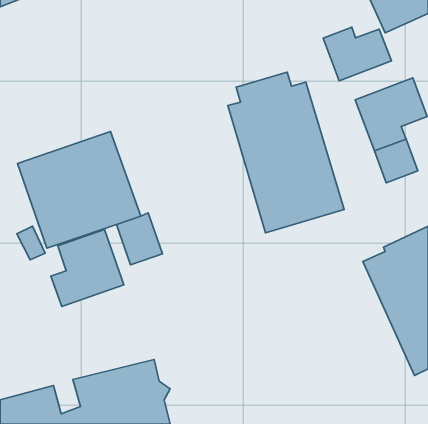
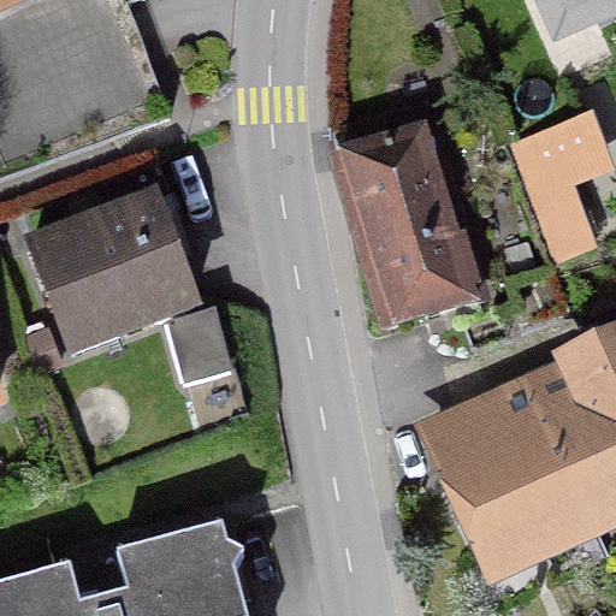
building: [323,27,392,81] -> none
building: [51,229,124,306] -> none
building: none -> [414,375,596,587]

